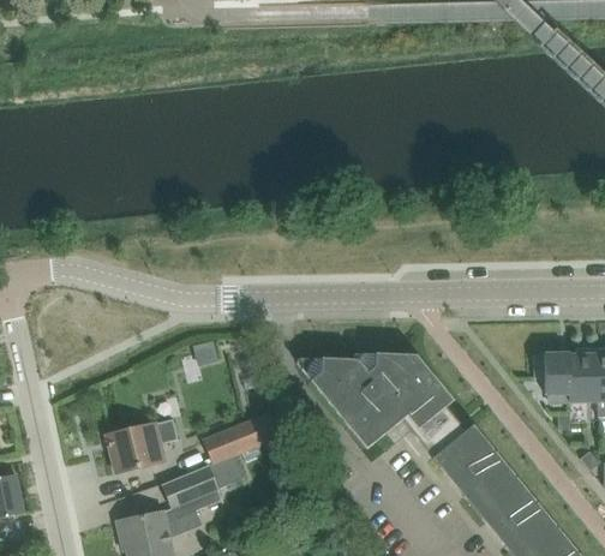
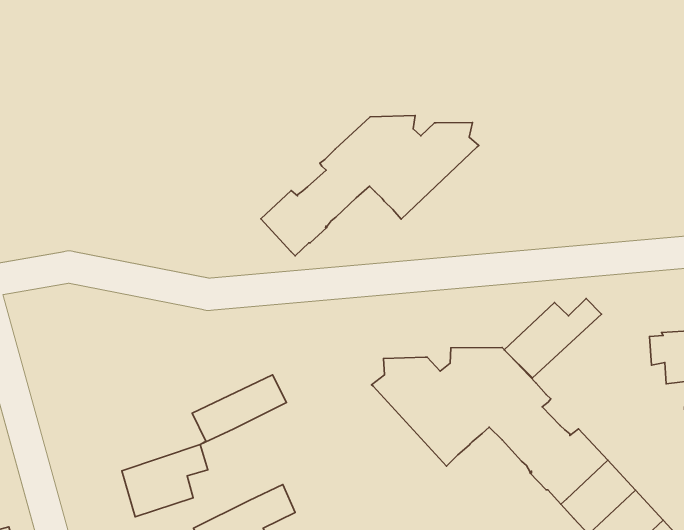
building: none -> [261,116,479,256]
building: none -> [504,298,601,378]
building: [203,412,278,464] -> [192,375,287,445]

